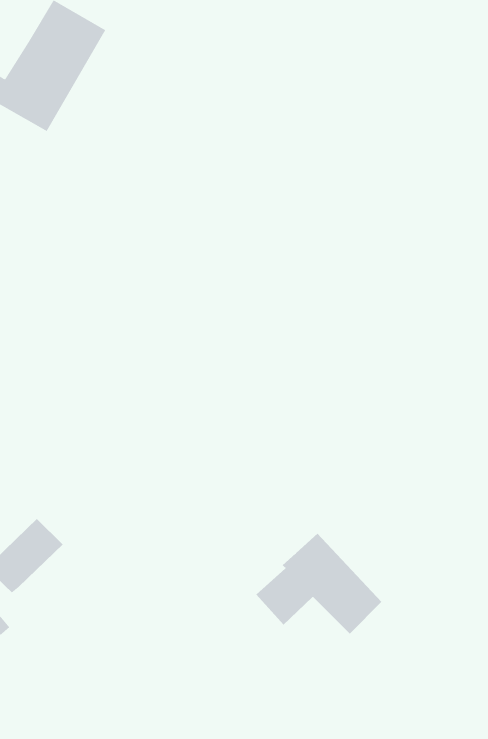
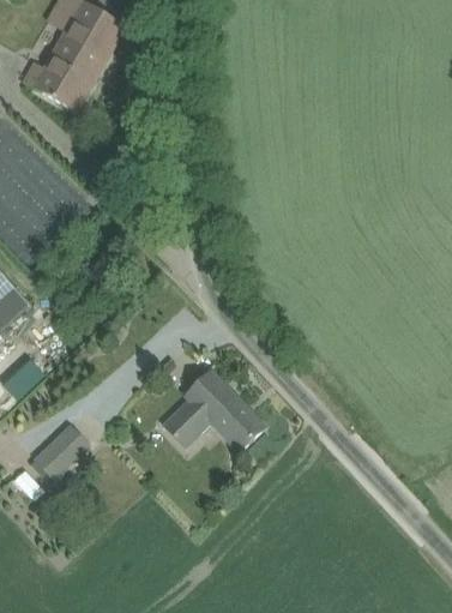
building: [255,533,382,634] -> [162,371,265,453]

